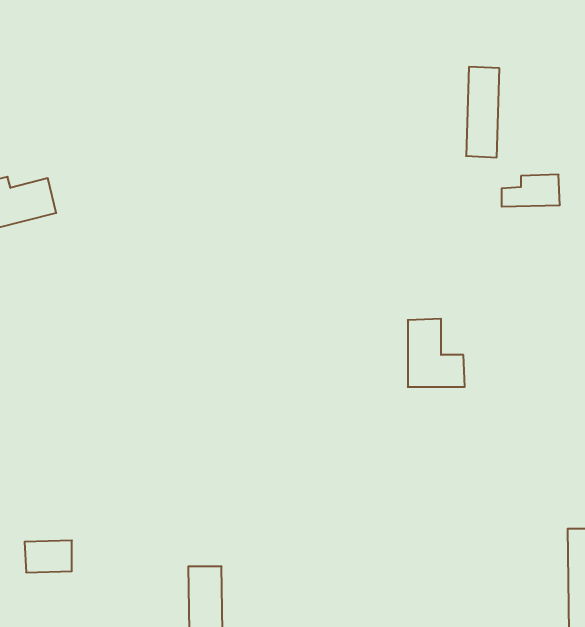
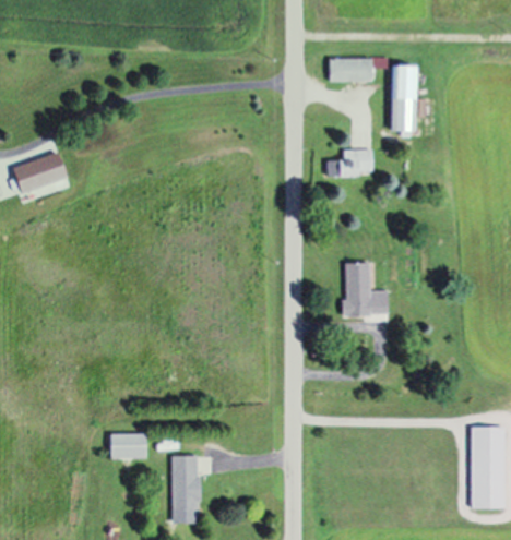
building: none -> [329,58,373,82]
building: [502,175,560,207] -> [326,149,372,175]
building: [25,540,72,572] -> [109,433,146,458]

